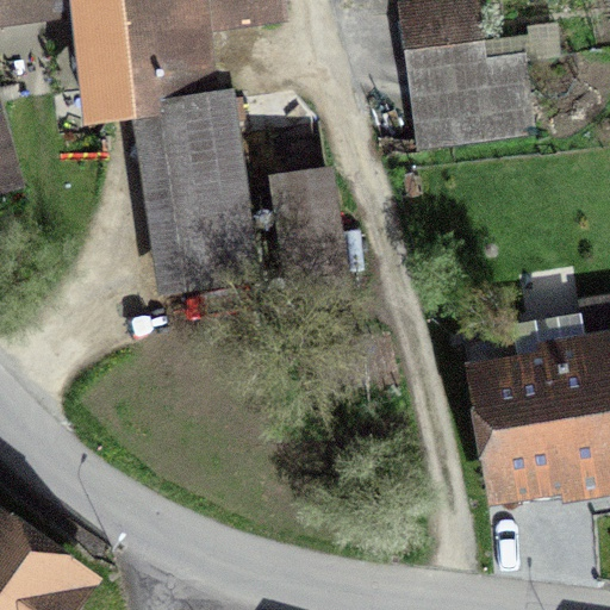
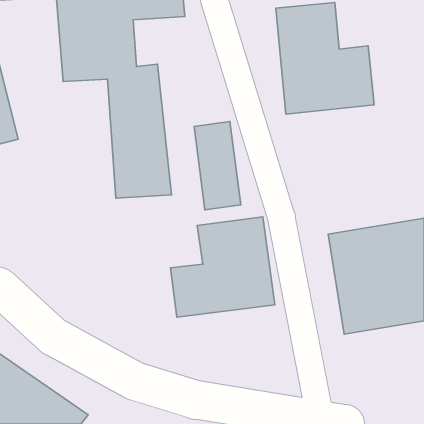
building: none -> [170,217,275,317]

